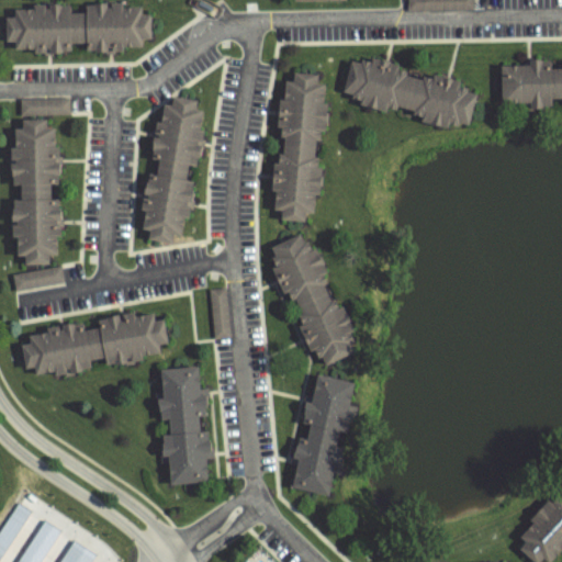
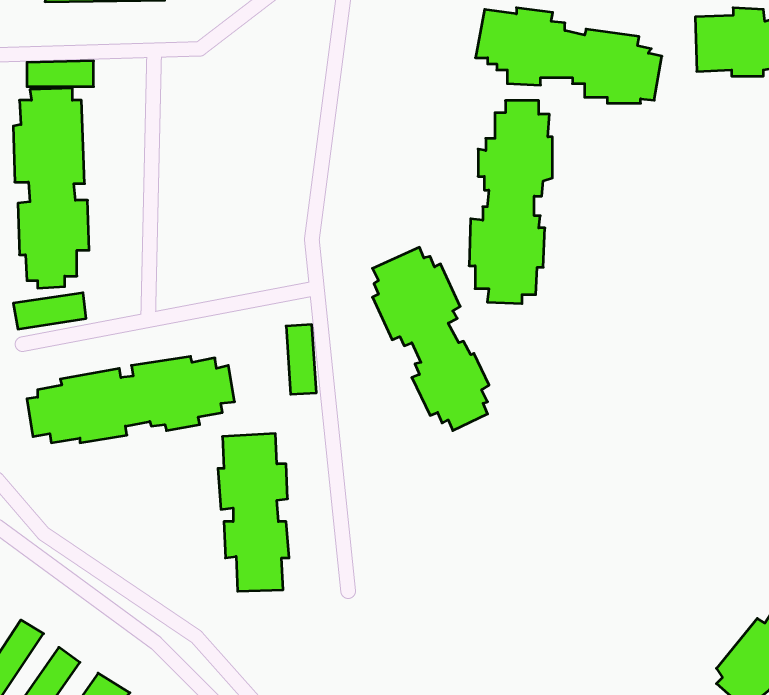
building: [270,76,330,223] -> [469,101,552,304]
building: [133,94,201,244] -> none
building: [285,376,357,497] -> none

